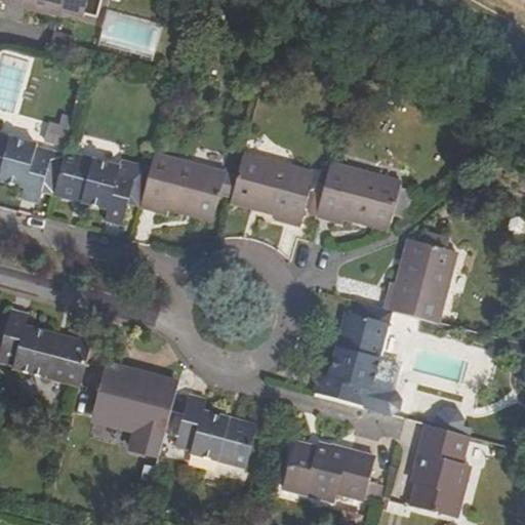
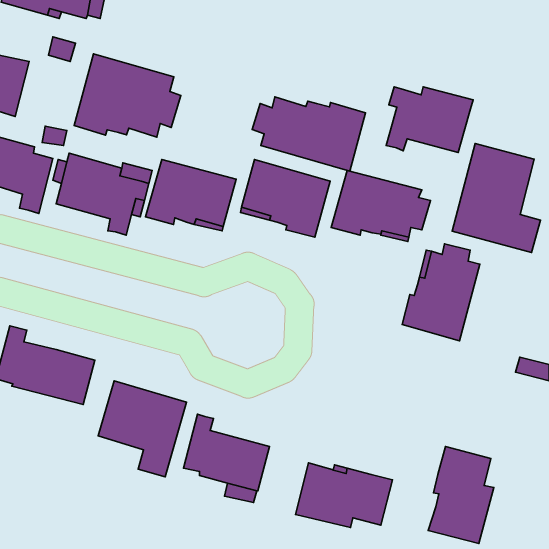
building: none -> [74,54,181,137]
building: none -> [386,87,473,152]
building: none -> [252,97,365,171]
building: none -> [452,143,541,253]
building: [312,302,400,414] -> none

